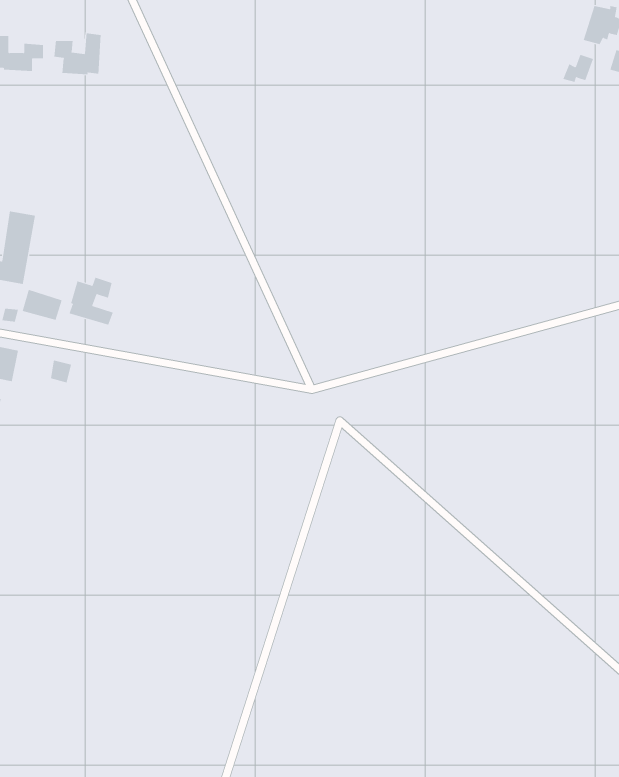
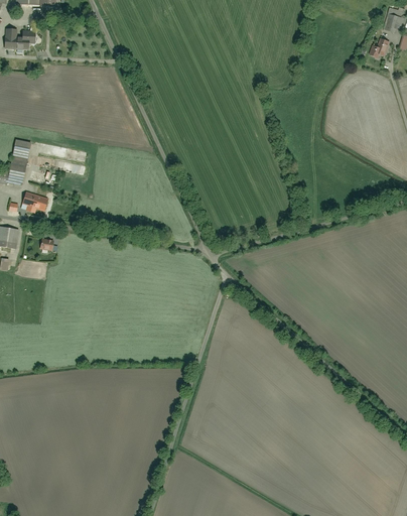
building: [54,33,101,75] -> none
building: [69,277,114,325] -> none

